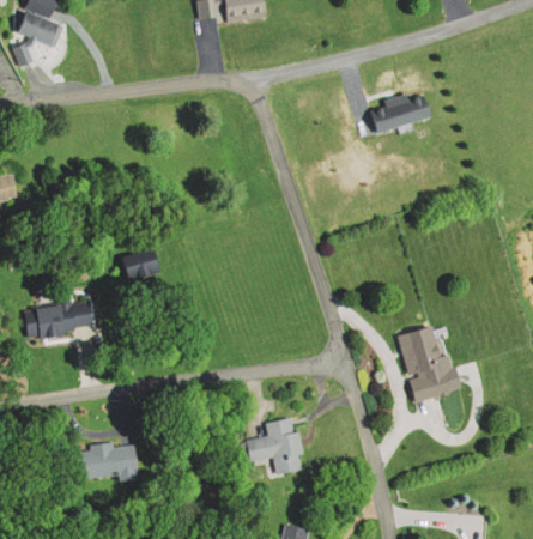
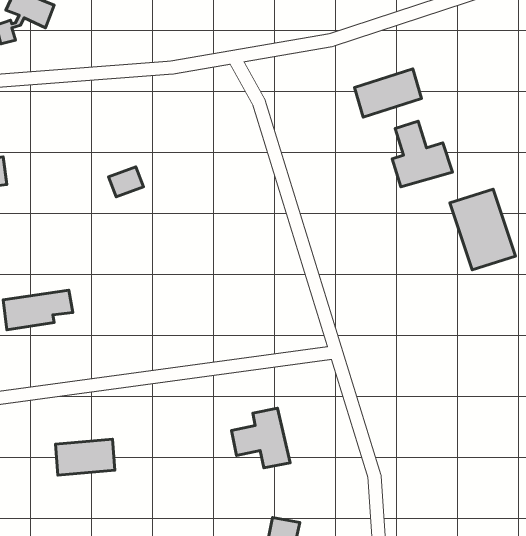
building: none -> [392,121,452,187]
building: [120,253,153,281] -> [109,167,143,197]
building: [394,320,458,398] -> [450,189,516,270]

